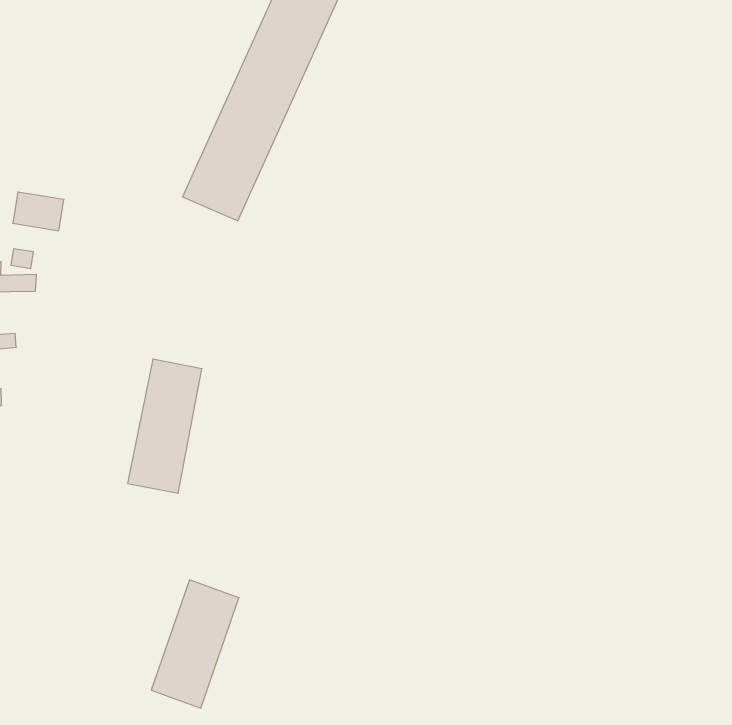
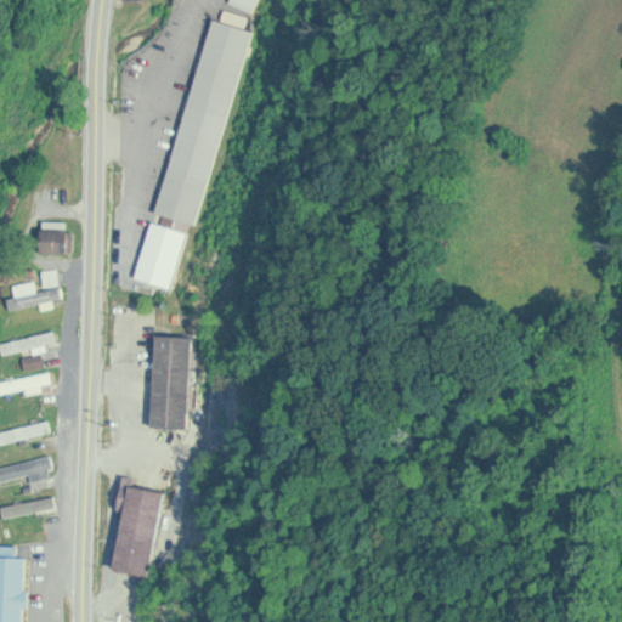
building: none -> [131,222,185,289]
building: [151,580,239,708] -> [109,485,162,576]

